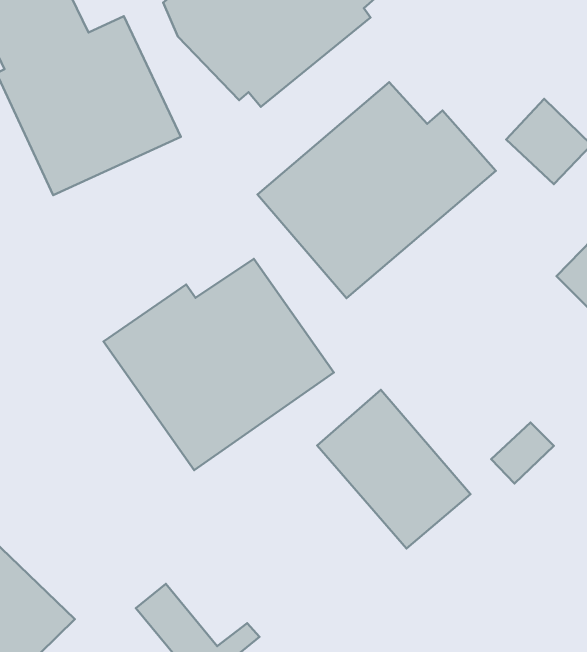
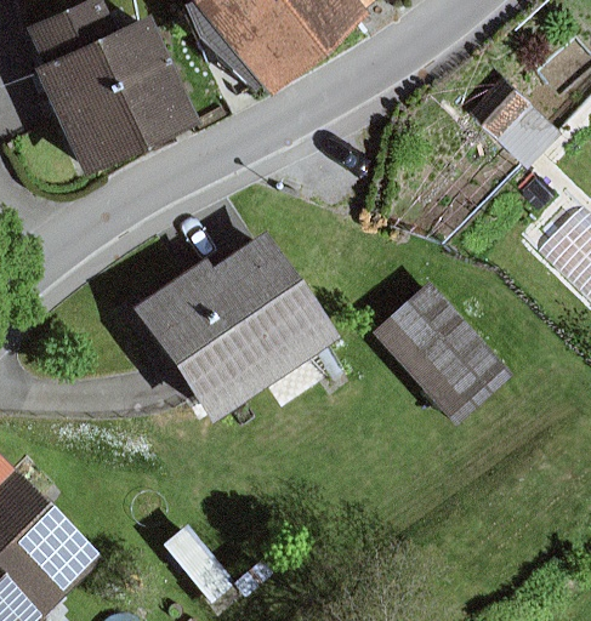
building: [258,82,496,298] -> none
building: [317,390,470,548] -> [373,281,510,423]

